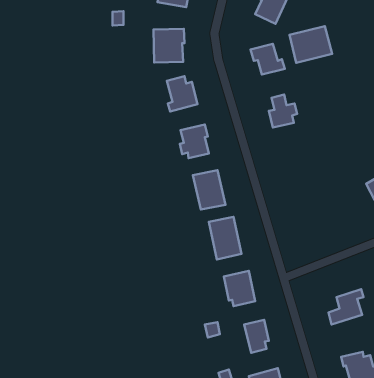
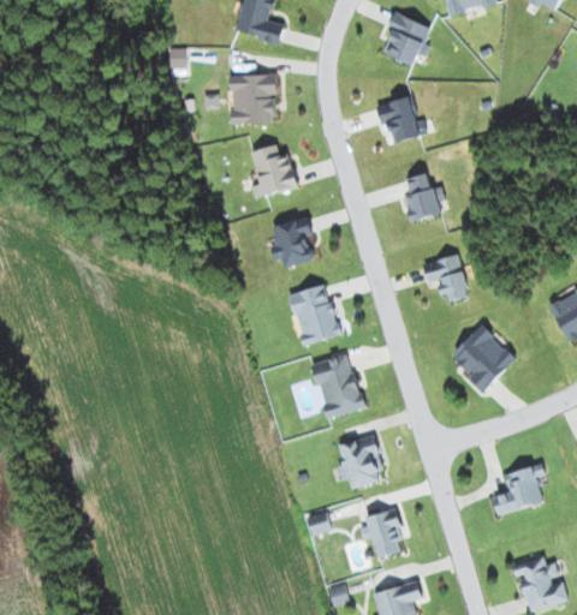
building: [290,26,332,63] -> none
building: none -> [422,253,470,301]
building: none -> [452,324,516,392]

